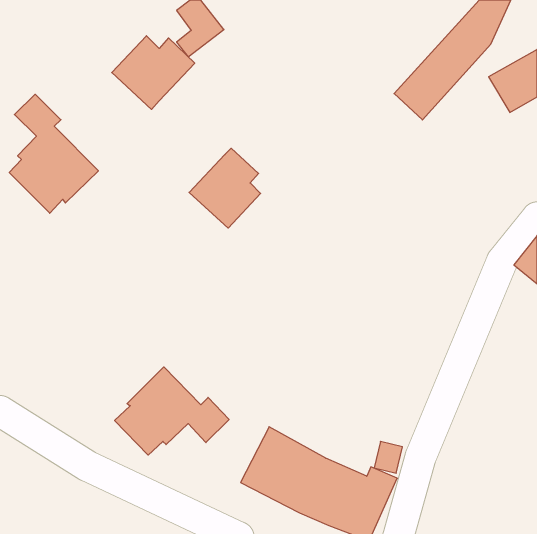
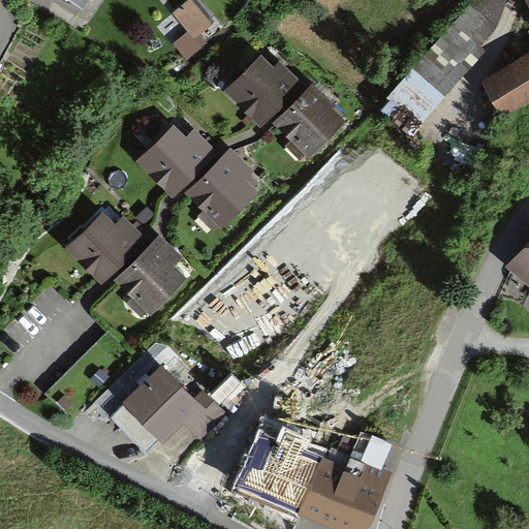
building: [112,36,195,109] -> [139,128,221,200]
building: none -> [225,57,345,161]
building: [9,94,98,213] -> none
building: none -> [68,212,188,317]

